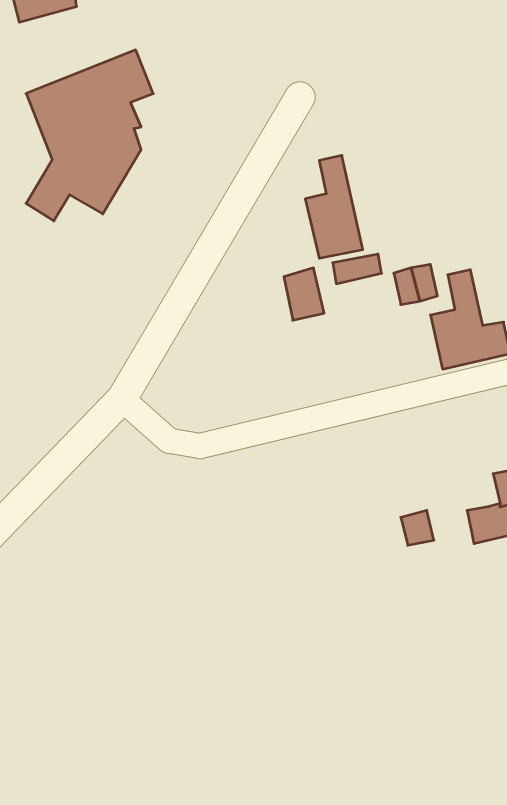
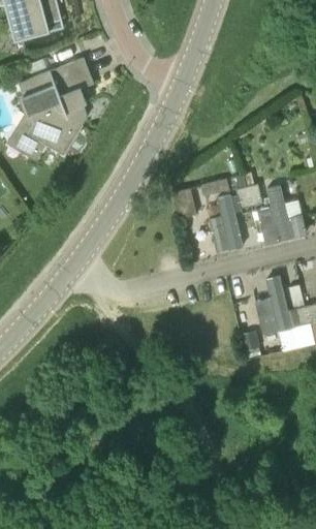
building: [305,155,363,258] -> [210,196,244,257]
building: none -> [255,279,288,330]

